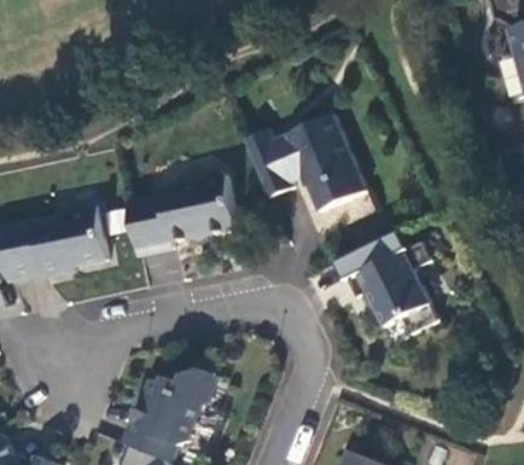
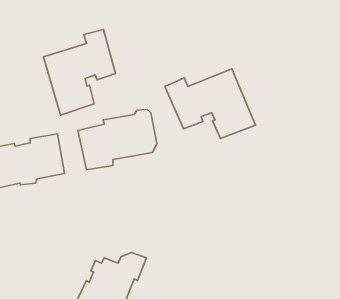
building: none -> [43,29,116,115]
building: [339,233,439,335] -> none

